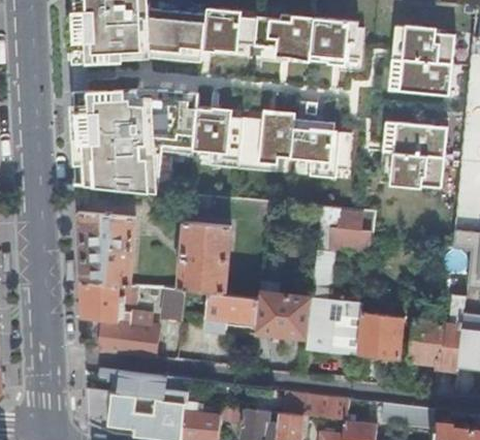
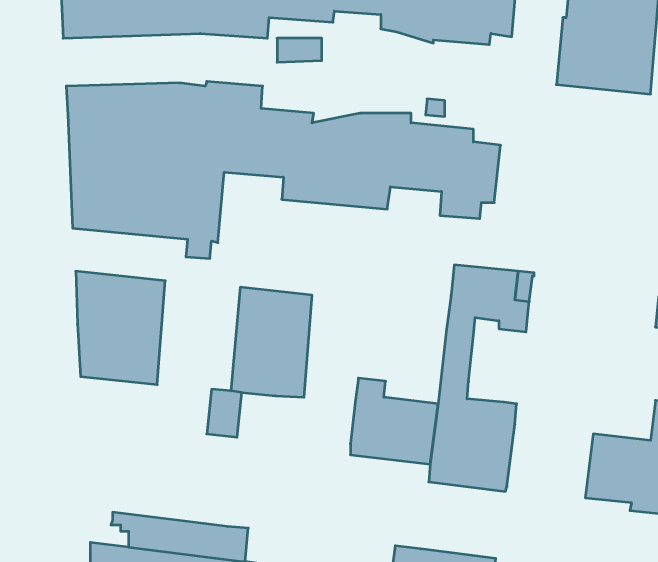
building: [382,123,446,188] -> none
building: [81,281,159,357] -> none
building: [203,293,258,334] -> none
building: [356,312,405,357] -> none

